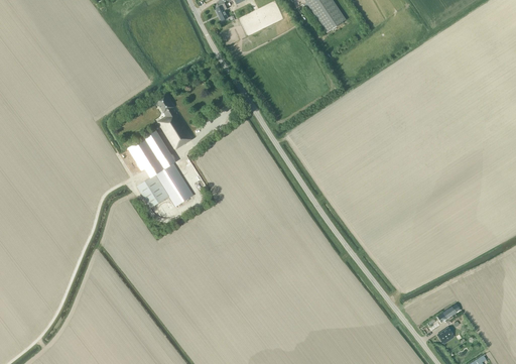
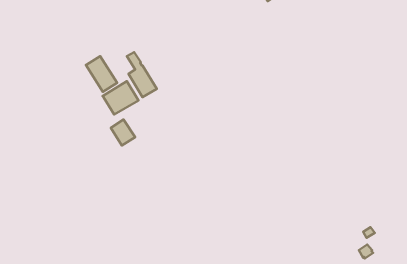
building: none -> [86,56,117,92]
building: [155,162,194,206] -> none

